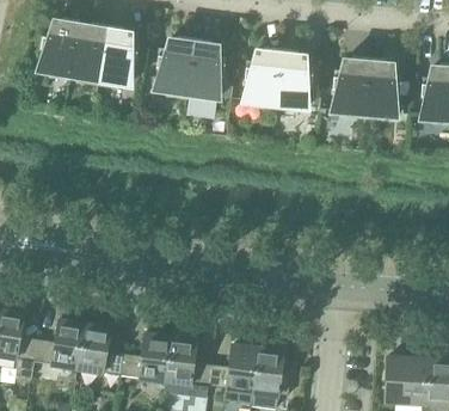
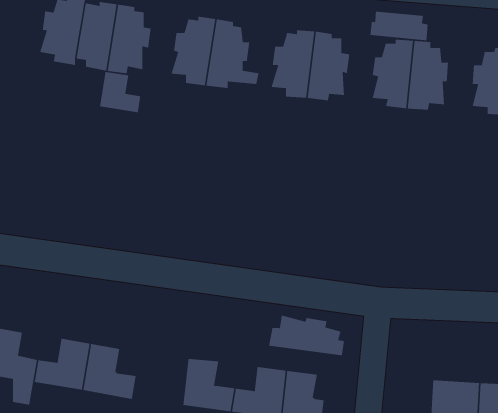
building: none -> [369,11,428,41]
building: none -> [99,71,141,113]
building: none -> [268,314,345,356]
building: [121,336,170,381] -> none

